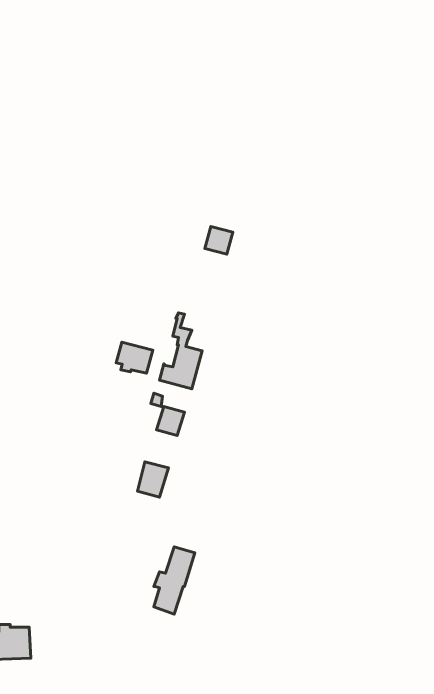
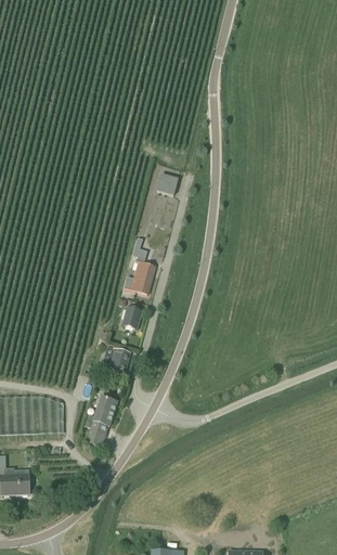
building: [116,342,153,373] -> none
building: [154,547,195,614] -> [87,396,117,446]

